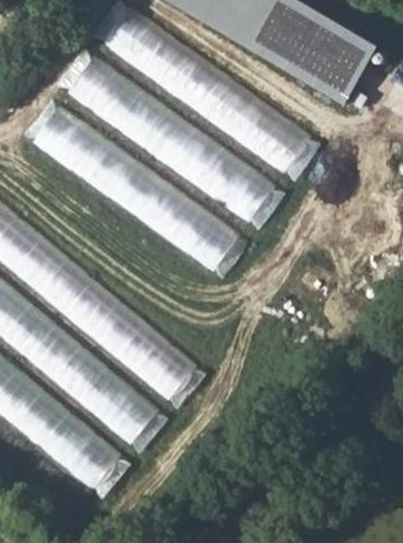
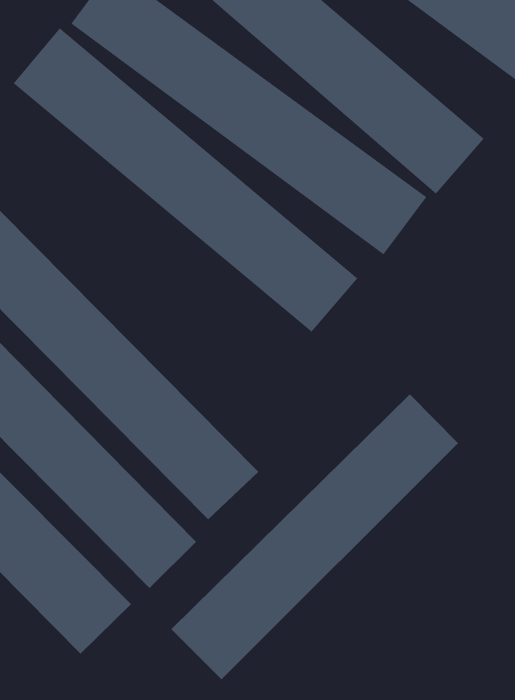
building: none -> [170,394,459,680]

